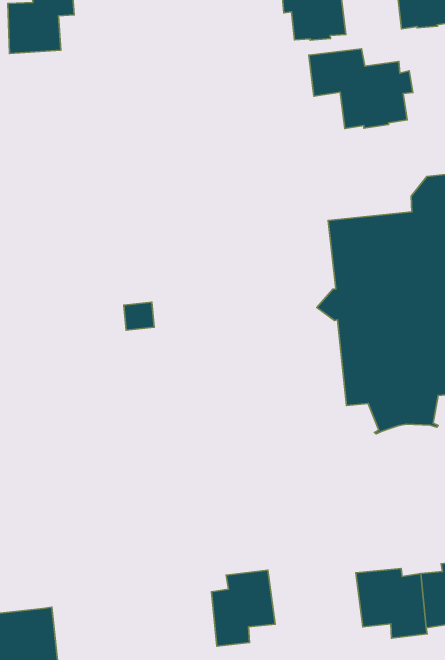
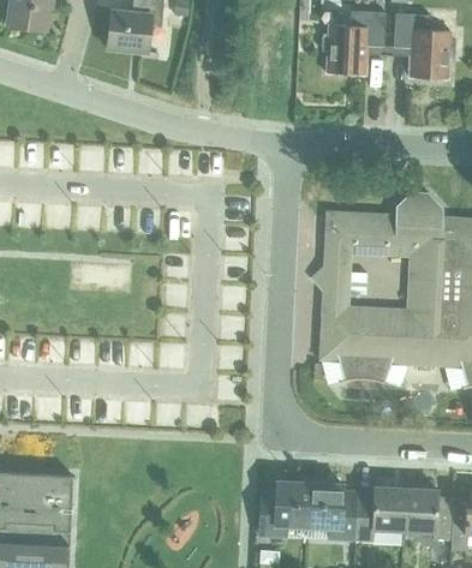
building: [309,49,413,129] -> none
building: [211,570,275,646] -> [259,484,307,538]

